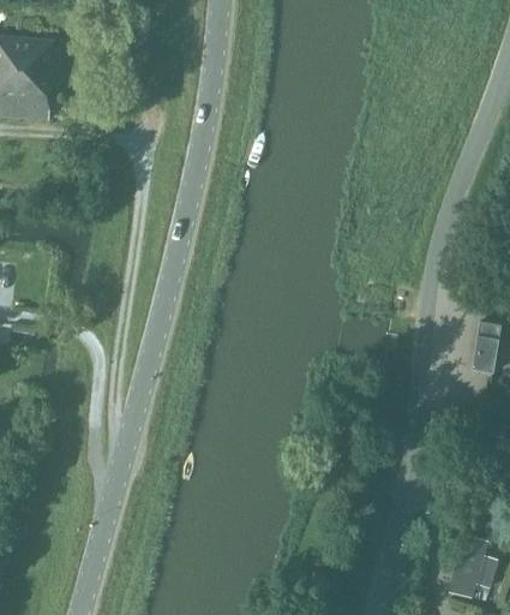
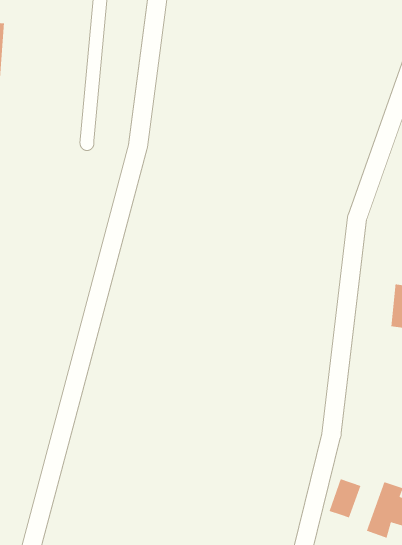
building: none -> [328,478,361,519]

